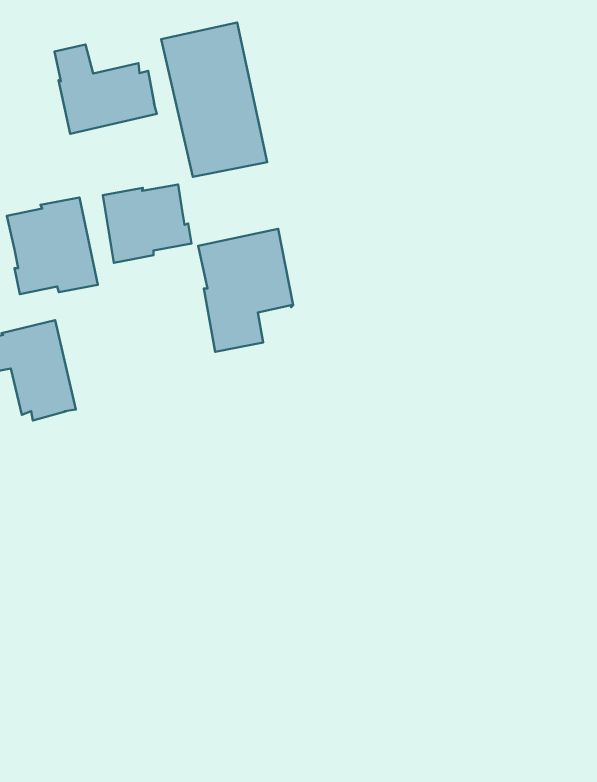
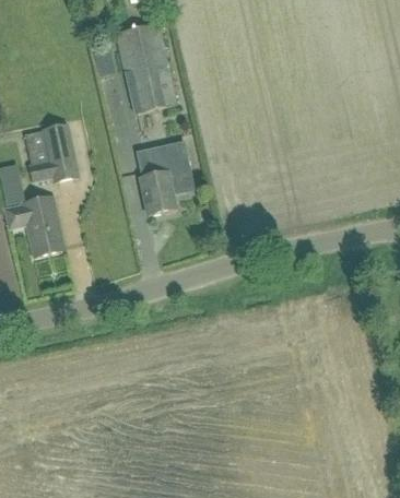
building: [55,44,157,134] -> none
building: [103,185,191,263] -> none

